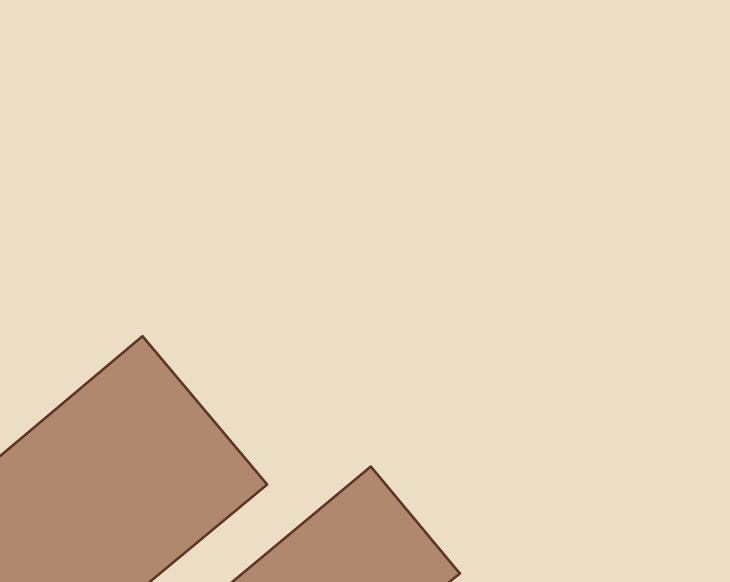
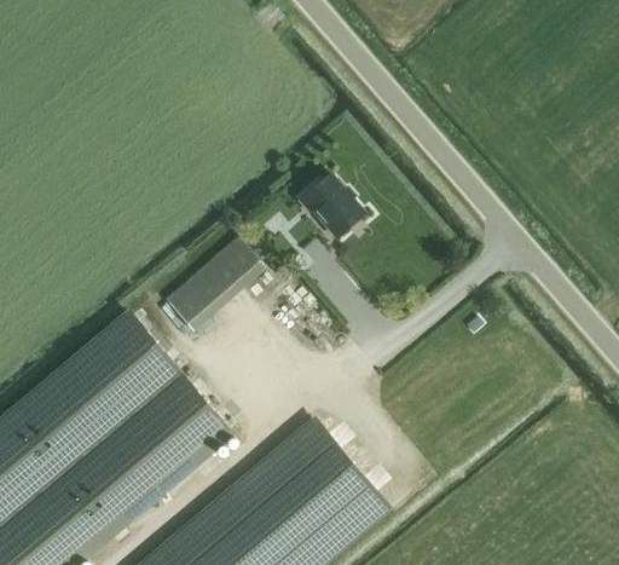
building: none -> [301,174,363,238]
building: none -> [167,238,265,330]

